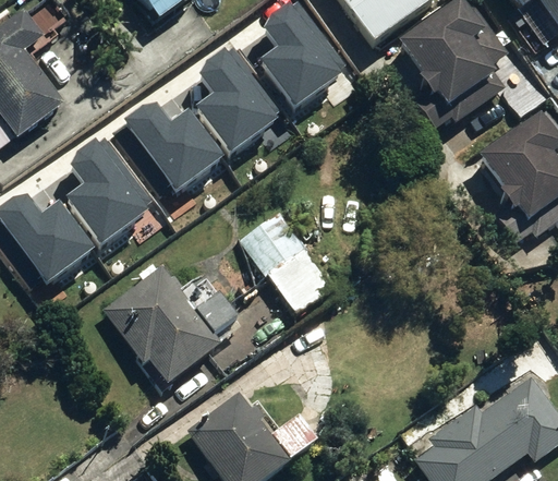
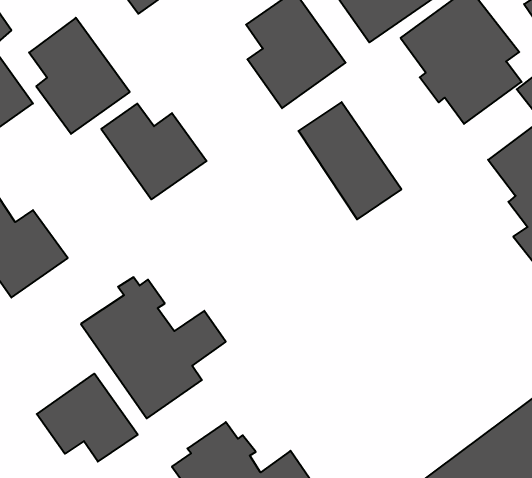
building: [190,45,280,149] -> none
building: [64,132,156,238] -> [29,18,130,134]
building: [244,209,338,316] -> [298,102,401,219]
building: none -> [37,374,138,462]

